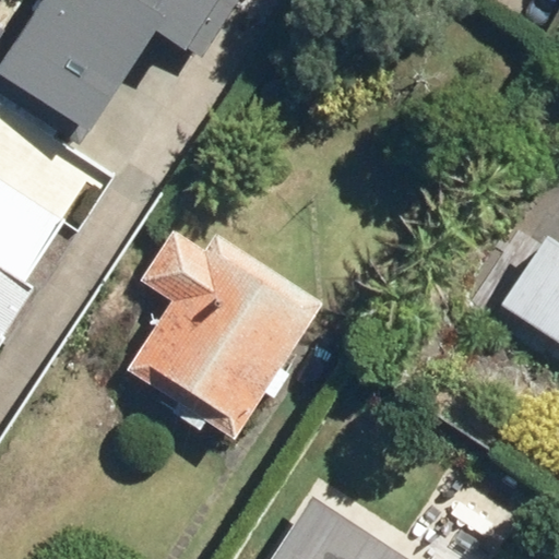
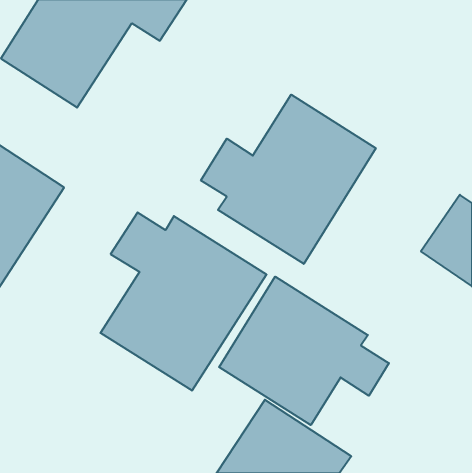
building: none -> [201,95,376,264]
building: none -> [219,277,389,425]

